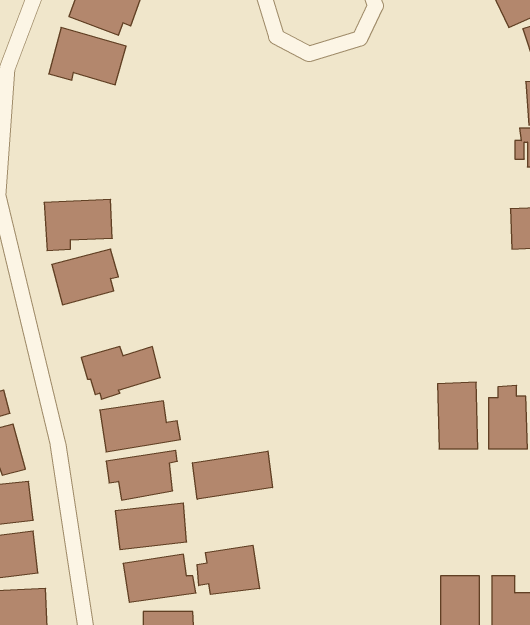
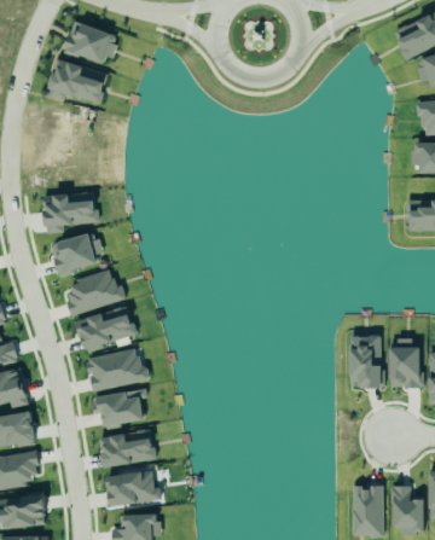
building: none -> [63,272,127,315]
building: [193,451,272,499] -> none
building: [197,545,260,594] -> none

